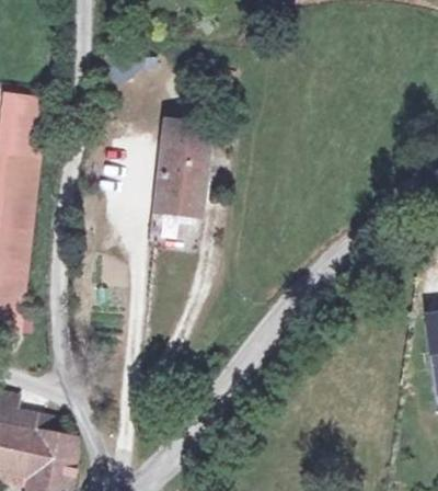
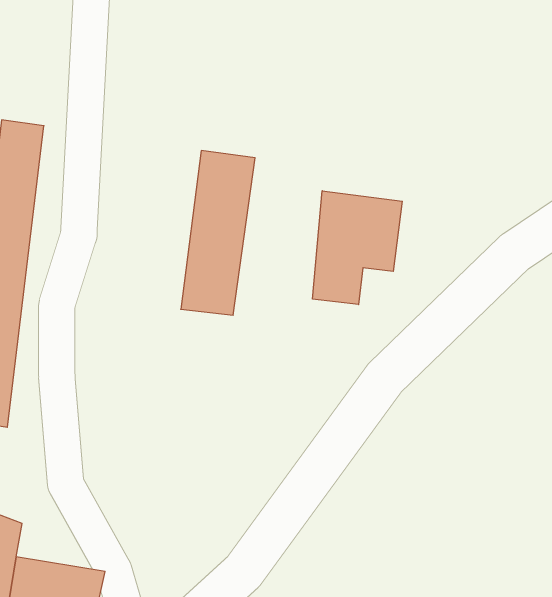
building: none -> [313,191,402,305]

